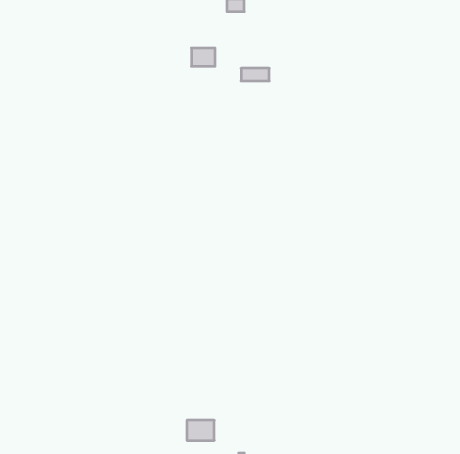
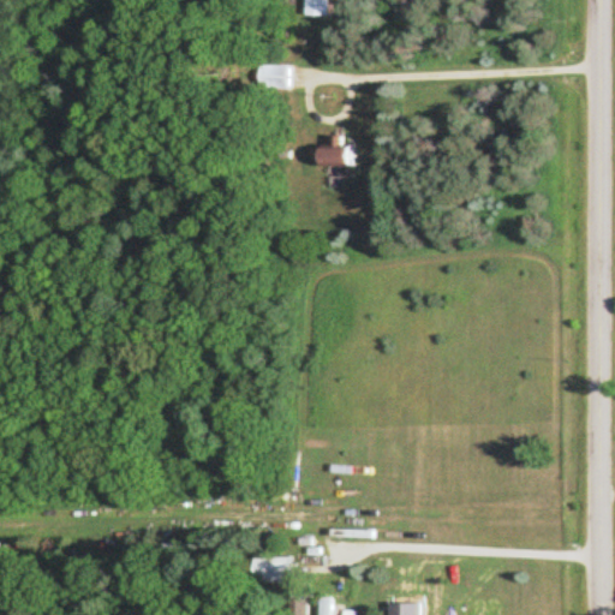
building: [241,68,269,81] -> [316,147,353,163]

